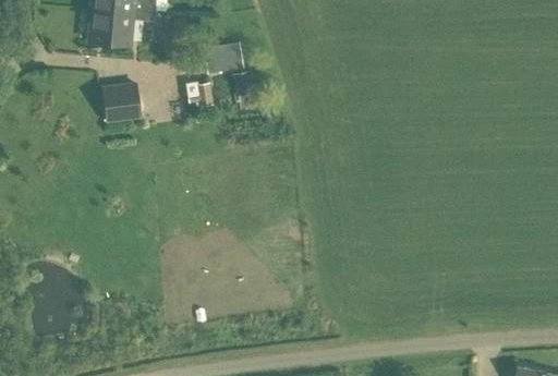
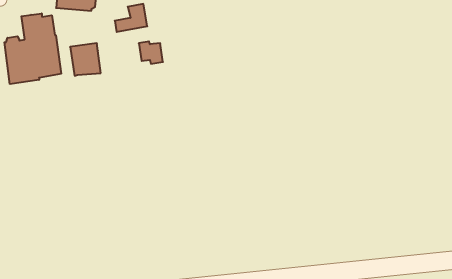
building: [205,41,243,74] -> [115,4,147,32]
building: none -> [4,13,61,84]

